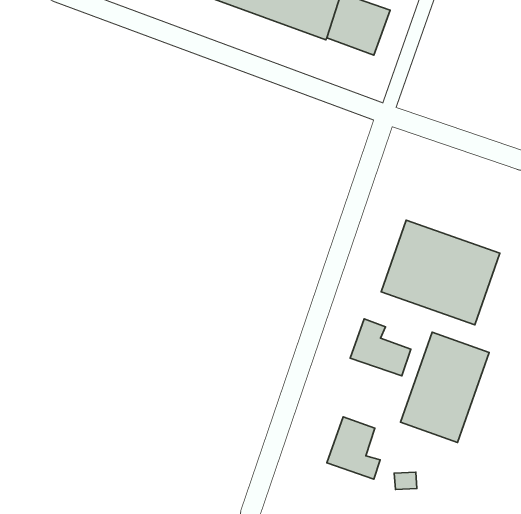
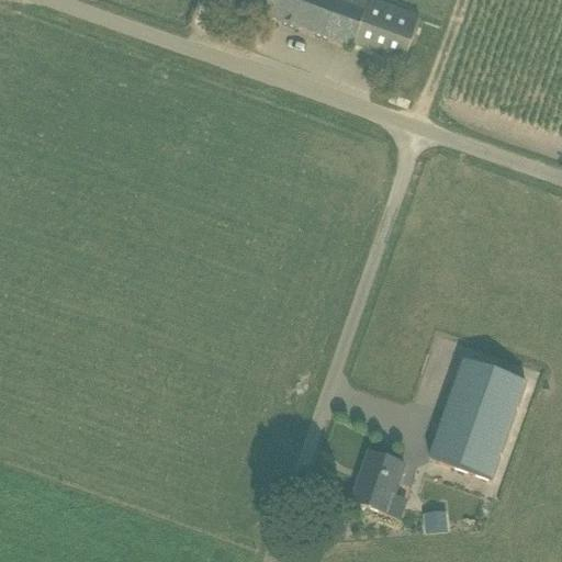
building: [381,220,500,325] -> none
building: [350,319,411,376] -> none

